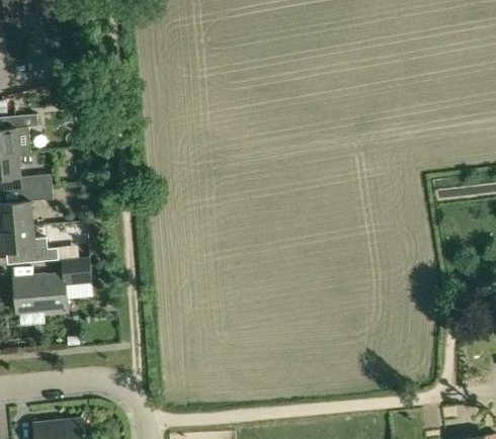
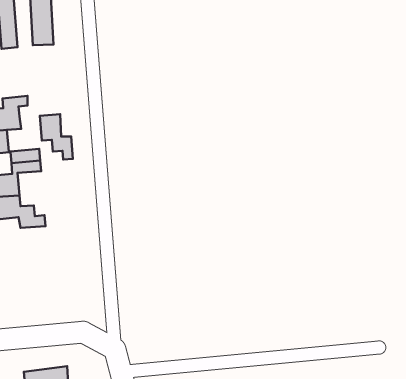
building: none -> [40,114,73,160]
building: [12,259,91,315] -> none

